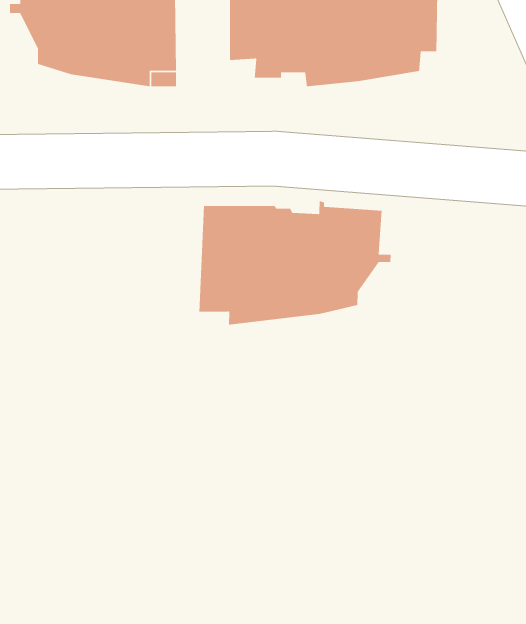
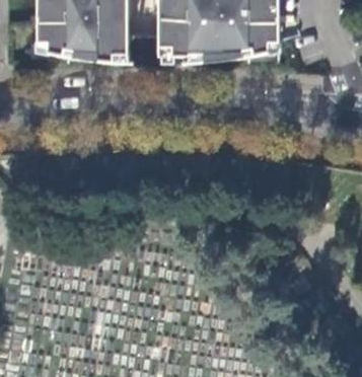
building: [198,200,391,325] -> none

